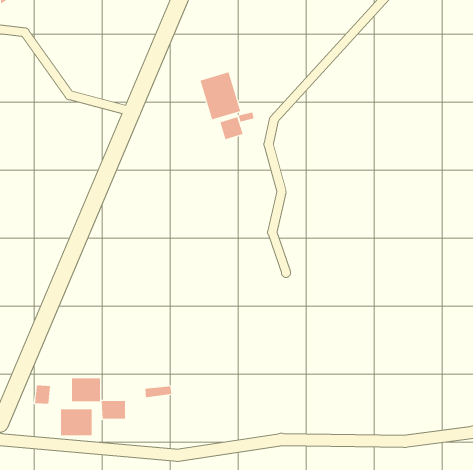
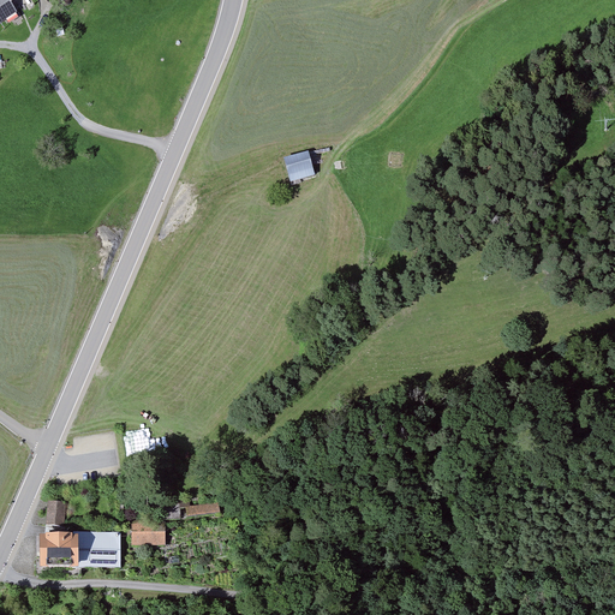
building: [200,71,241,120] -> none
building: [71,378,101,402] -> [40,535,78,566]

